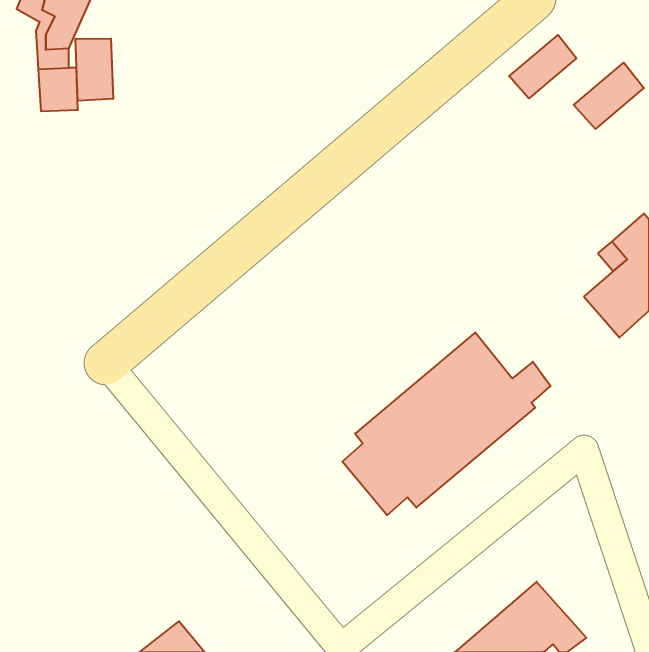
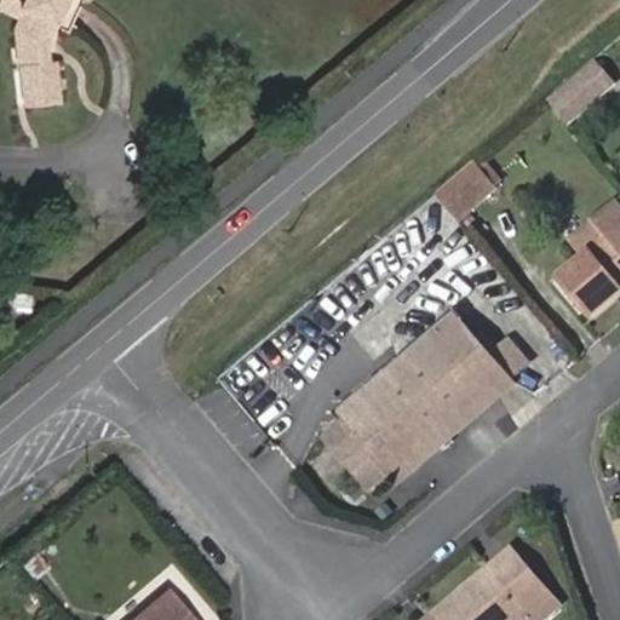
building: [509,35,576,98] -> none
building: [76,38,113,101] -> none
building: none -> [432,160,494,219]

